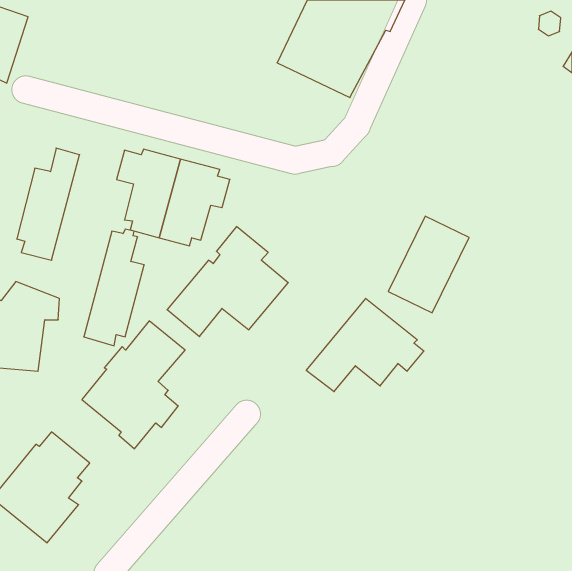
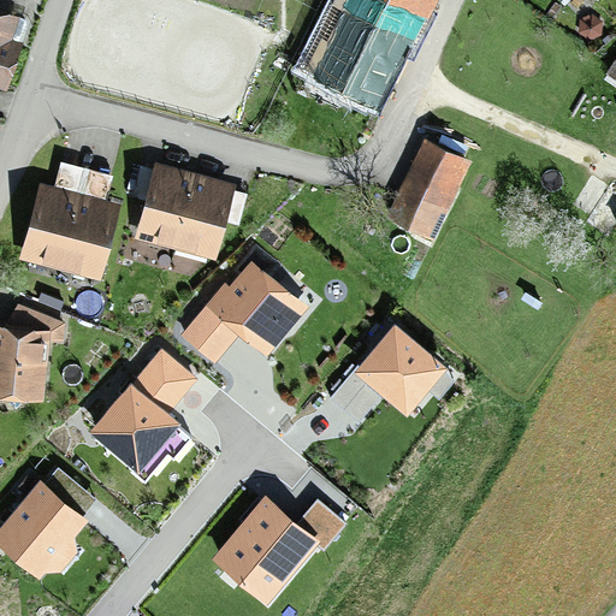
building: [388,216,469,313] -> [384,137,470,241]
building: [84,229,144,346] -> [55,166,120,291]
building: none -> [211,493,348,604]

